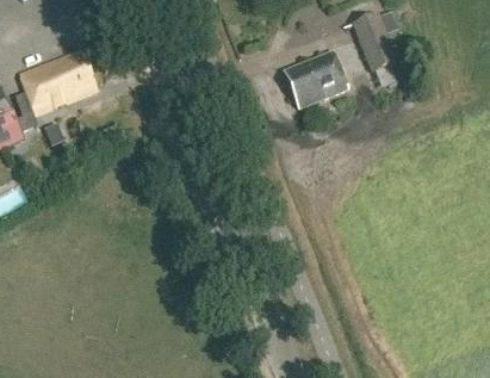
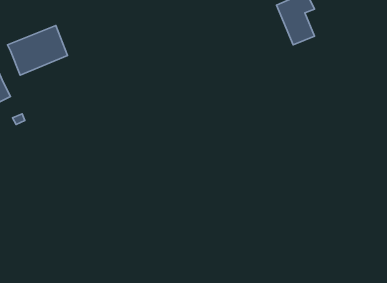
building: [284,51,346,107] -> none

